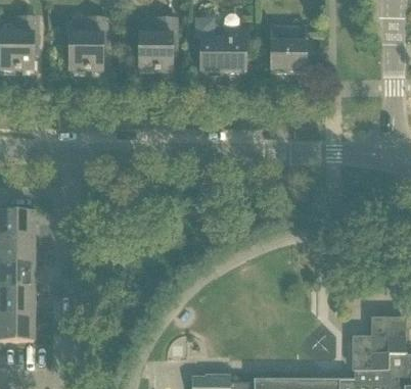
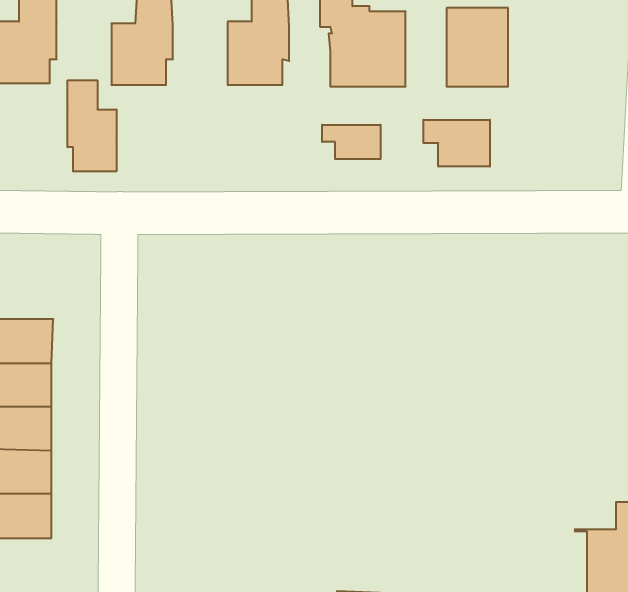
building: none -> [68,80,116,171]
building: none -> [423,120,490,167]
building: none -> [322,125,381,159]

